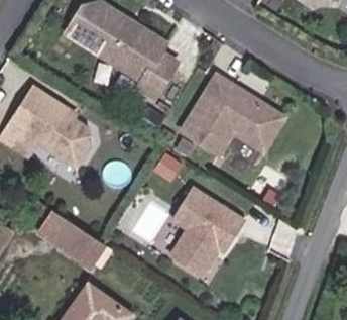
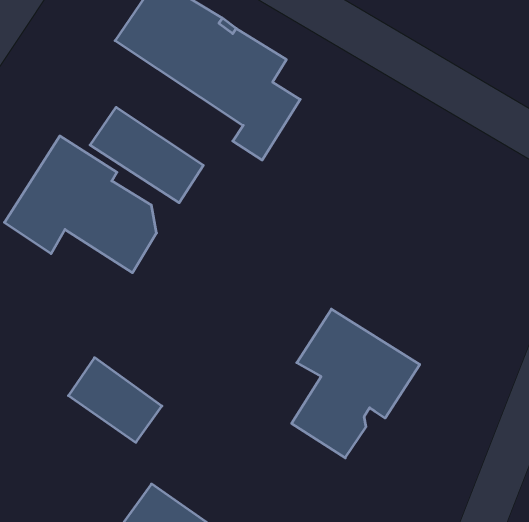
building: none -> [90,107,203,203]
building: [185,75,286,153] -> none

